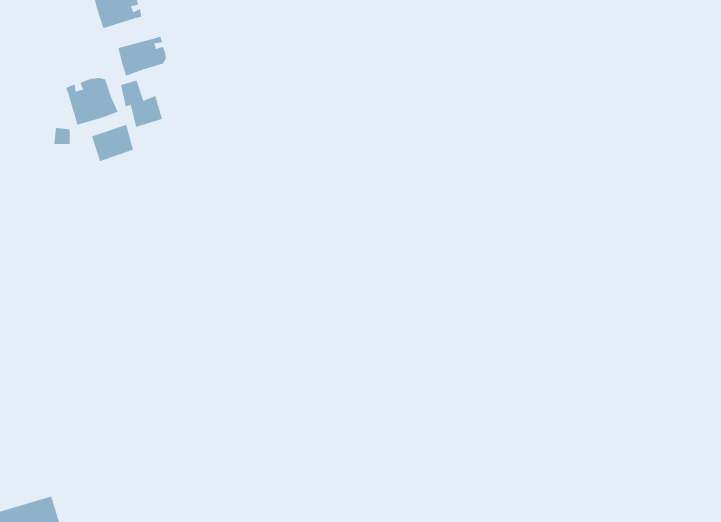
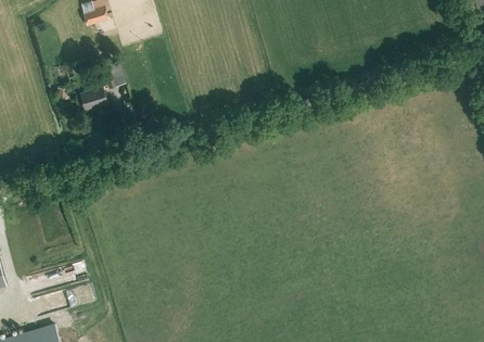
building: [118,36,166,76] -> none
building: [65,77,119,126] -> none

